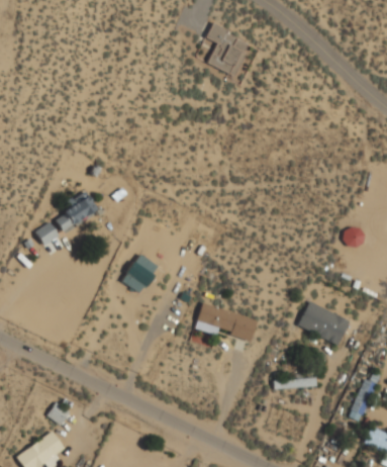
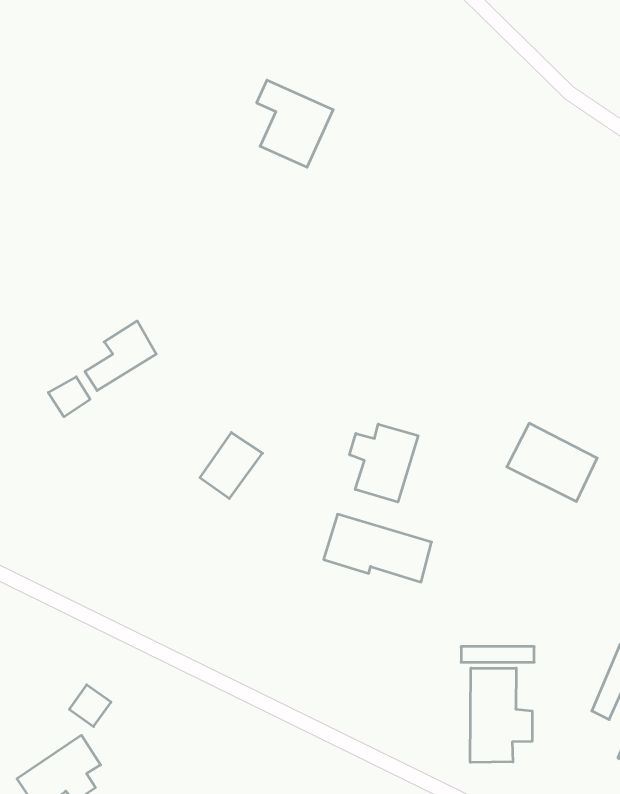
building: [206,25,251,76] -> [257,80,333,167]
building: none -> [350,424,418,502]
building: [297,300,350,346] -> [507,423,597,502]
building: none -> [470,668,532,762]

